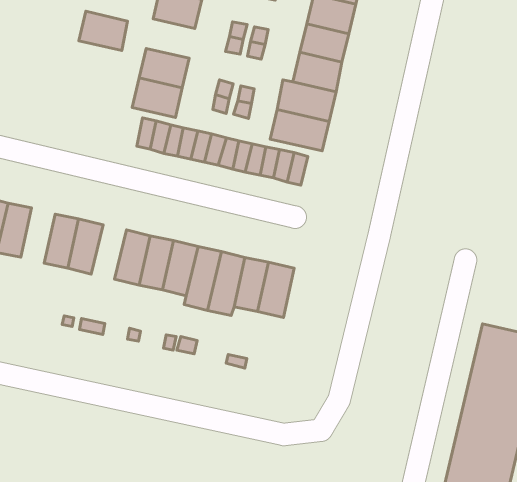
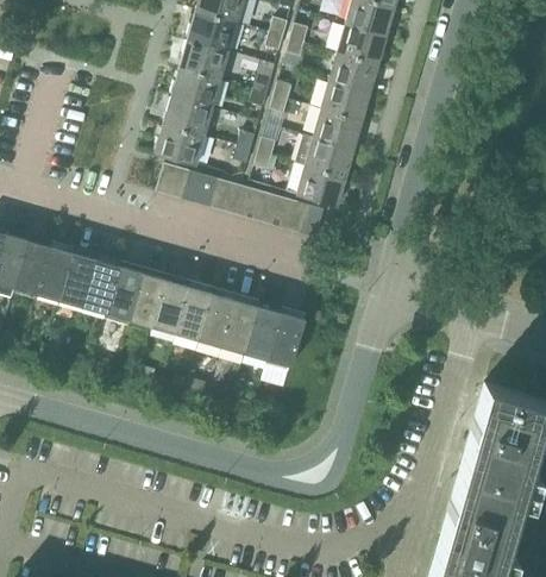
building: [79,11,128,51] -> [171,68,220,108]
building: none -> [38,246,74,301]
building: none -> [106,266,143,320]

